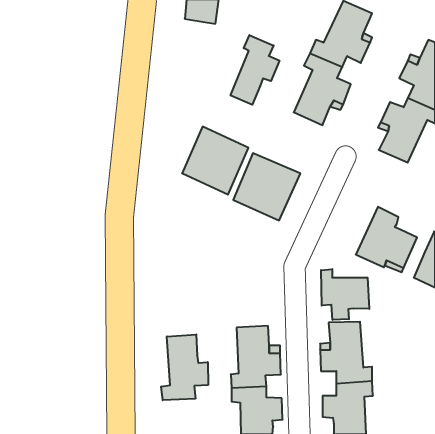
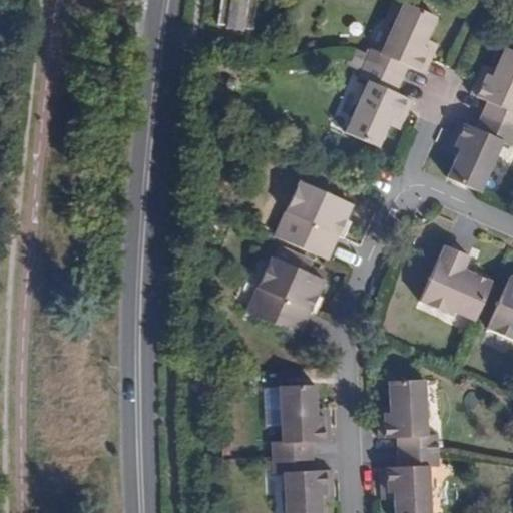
building: [231,35,279,105] -> none
building: [182,127,248,195] -> [246,255,325,336]
building: [321,269,369,320] -> none
building: [161,334,208,400] -> none

